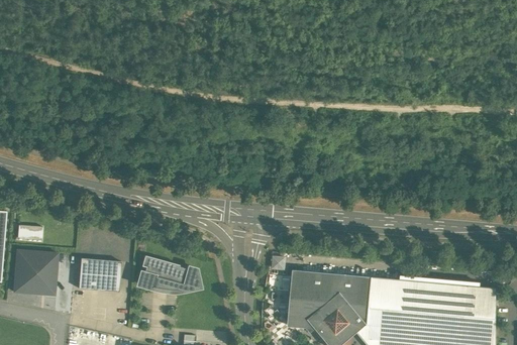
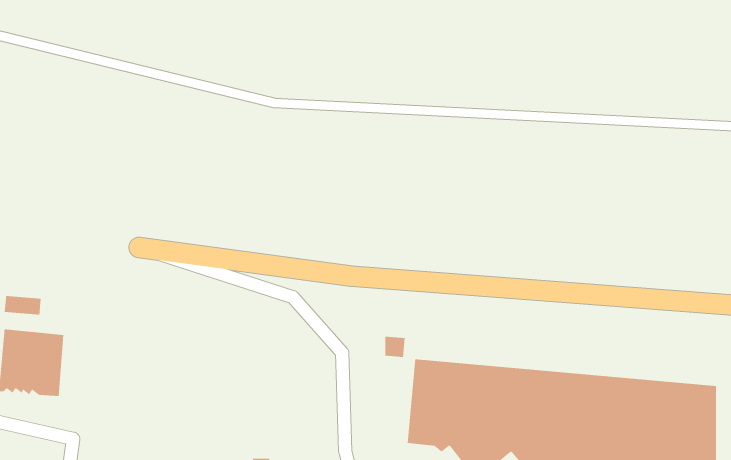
building: [138,255,197,292] -> none
building: [78,258,120,292] -> none

